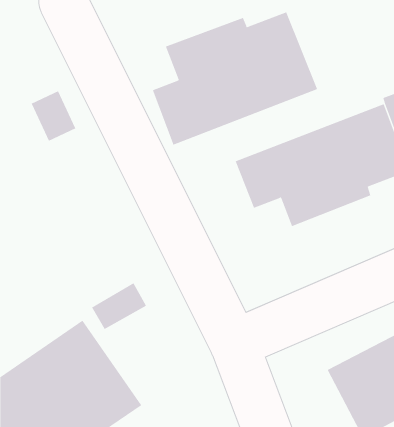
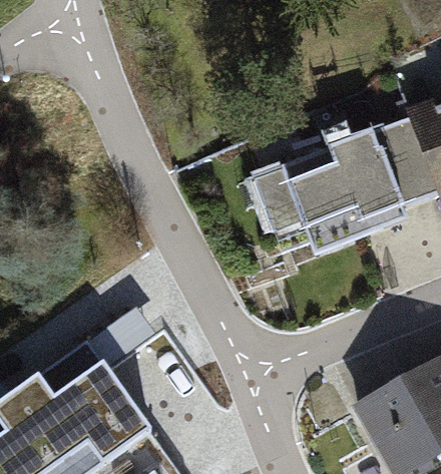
building: [152,11,318,145] -> none

